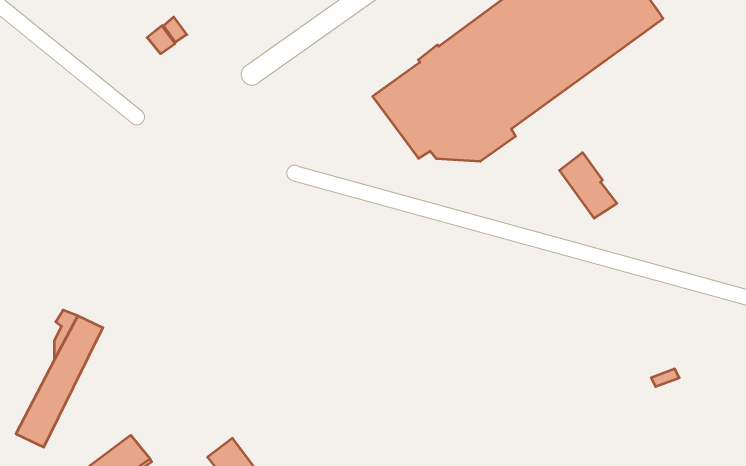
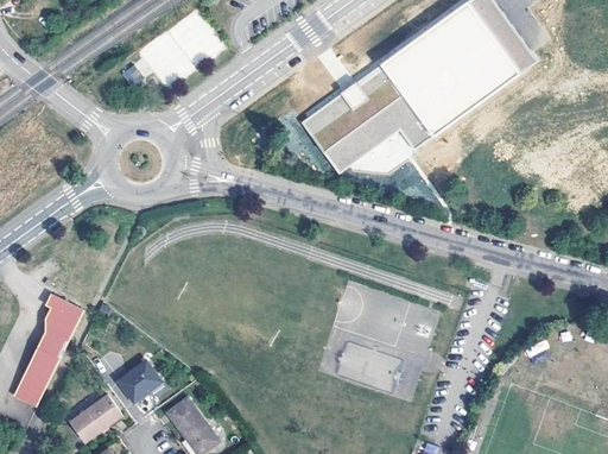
building: [559,153,617,218] -> none
building: none -> [119,359,162,401]

